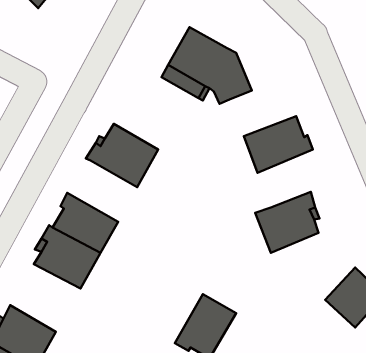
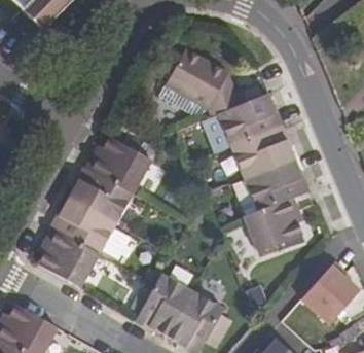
building: none -> [218,92,280,146]
building: none -> [244,158,305,212]
building: none -> [68,169,133,225]
building: none -> [137,274,193,338]

